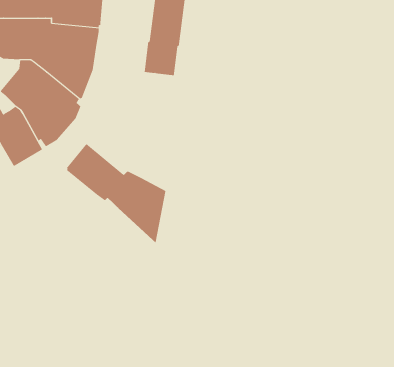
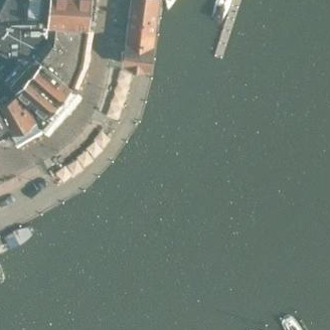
building: [66,143,167,243] -> none

